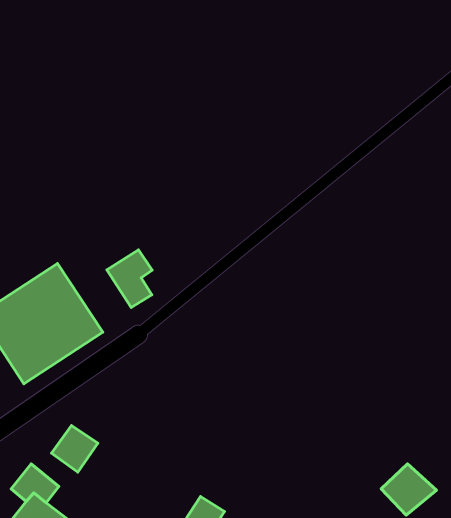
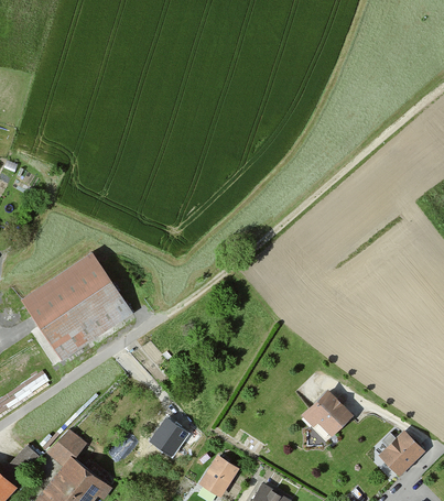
building: [107,250,152,307] -> none
building: none -> [301,389,356,439]
building: [51,426,98,472] -> [147,417,187,458]

